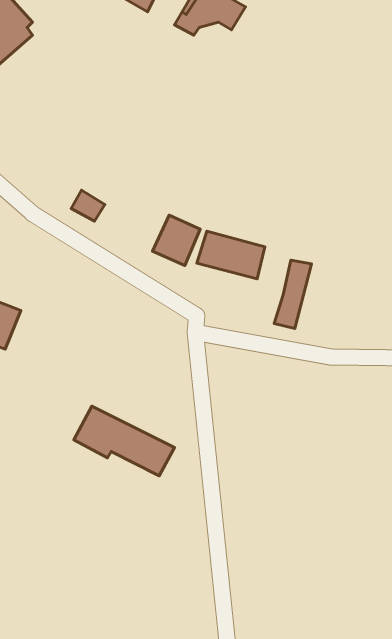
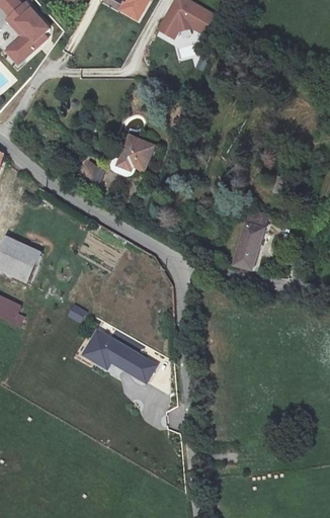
building: [152,215,200,265] -> [114,139,152,178]
building: [197,231,265,279] -> none

